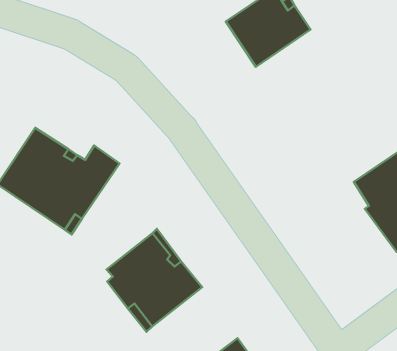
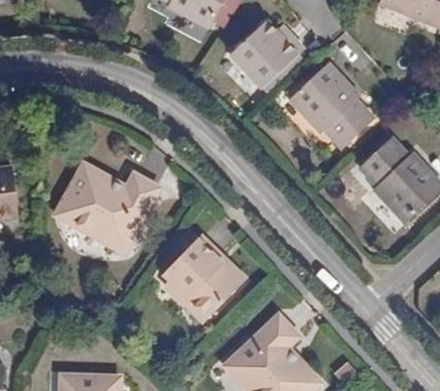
building: none -> [289,63,375,148]

